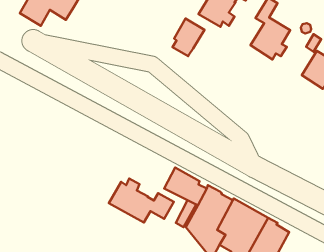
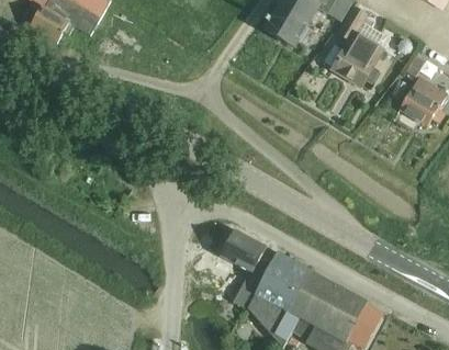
building: [172,18,205,56] -> none
building: [109,179,174,223] -> none

